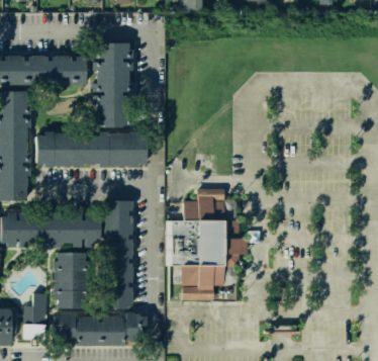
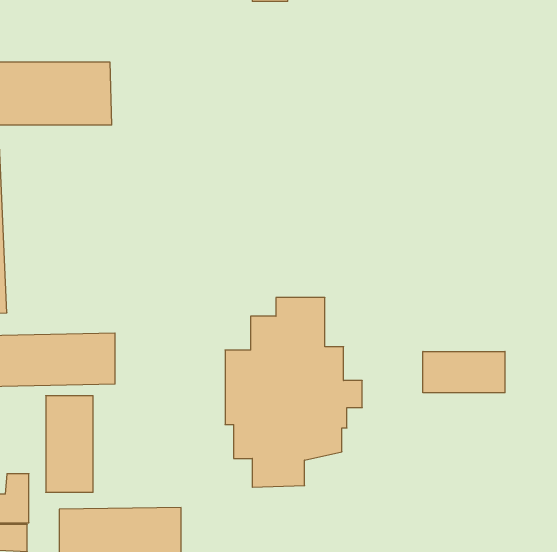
building: [102,48,133,122] -> none
building: [42,130,147,168] -> none
building: [102,205,133,302] -> none
building: none -> [423,351,505,393]

